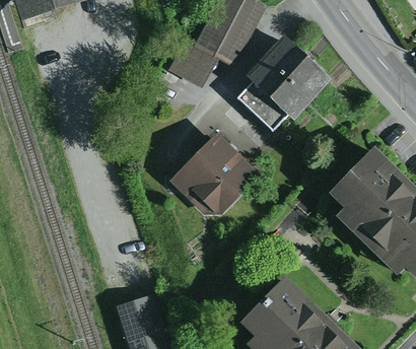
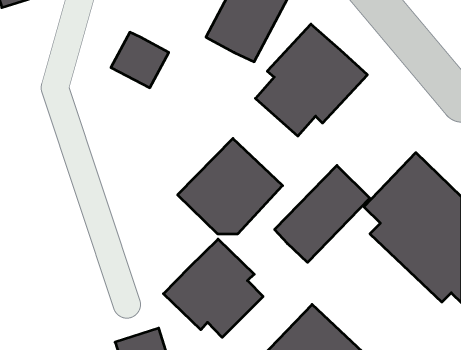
building: [168,41,218,88] -> [111,32,169,88]
building: none -> [275,165,370,262]
building: none -> [163,239,263,337]

